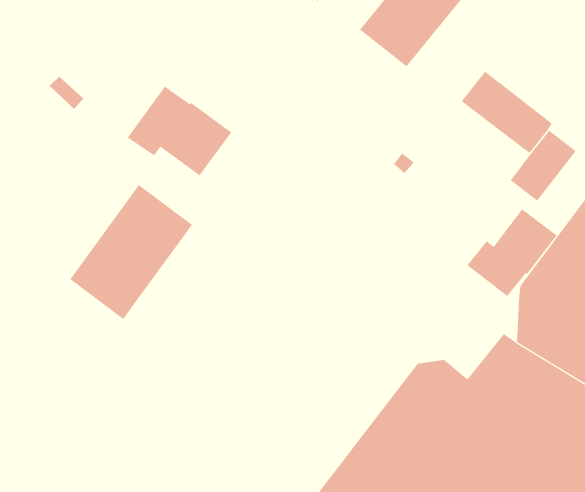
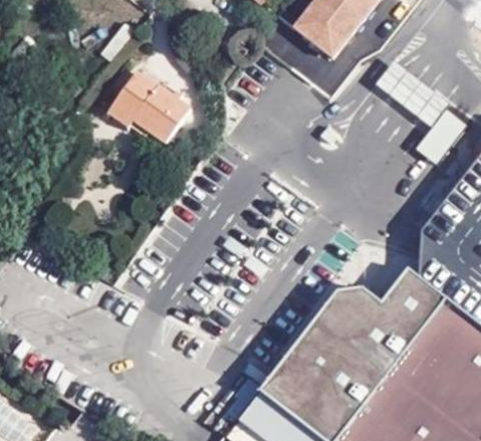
building: [69,184,193,320] -> none
building: [466,209,558,297] -> none

